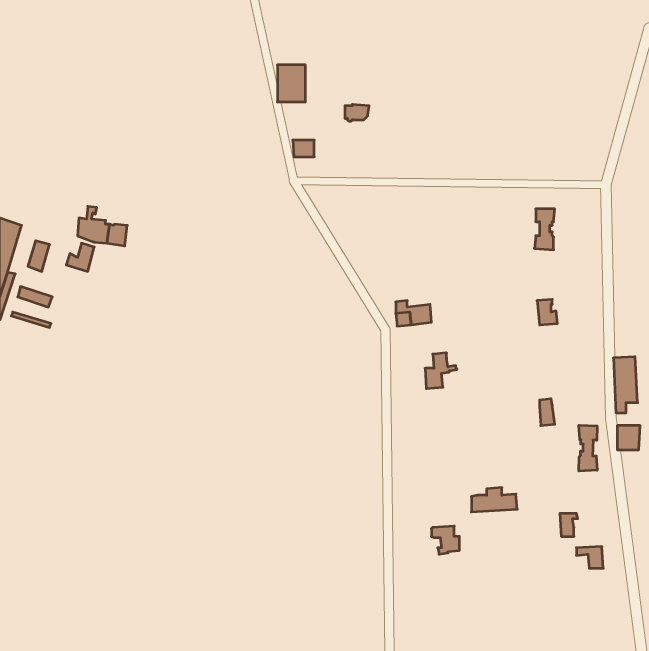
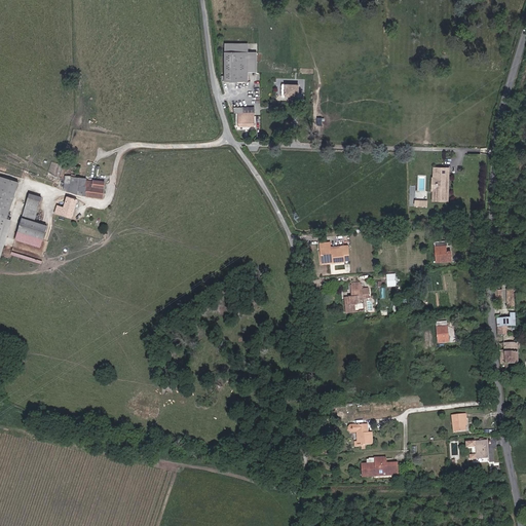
building: none -> [16,218,46,239]
building: [579,425,597,471] -> none
building: [471,488,517,512] -> [361,457,398,477]

